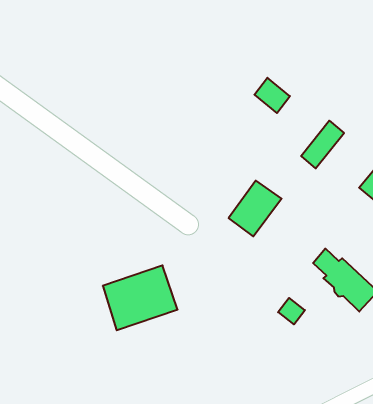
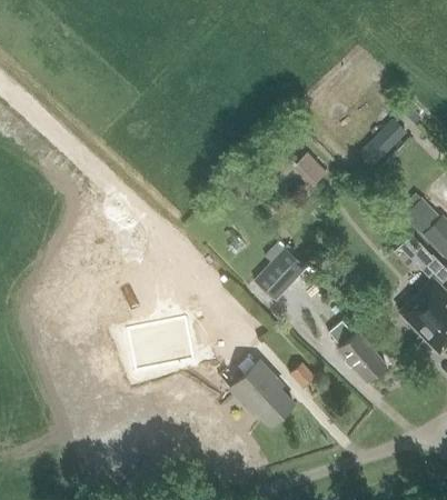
building: [301,121,344,168] -> [361,119,405,162]
building: none -> [230,360,294,426]

